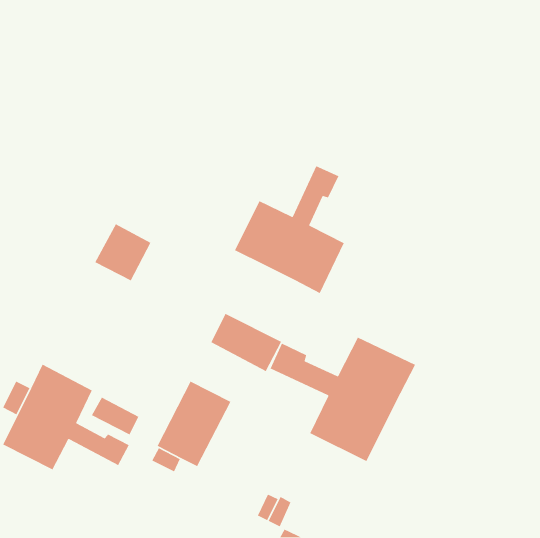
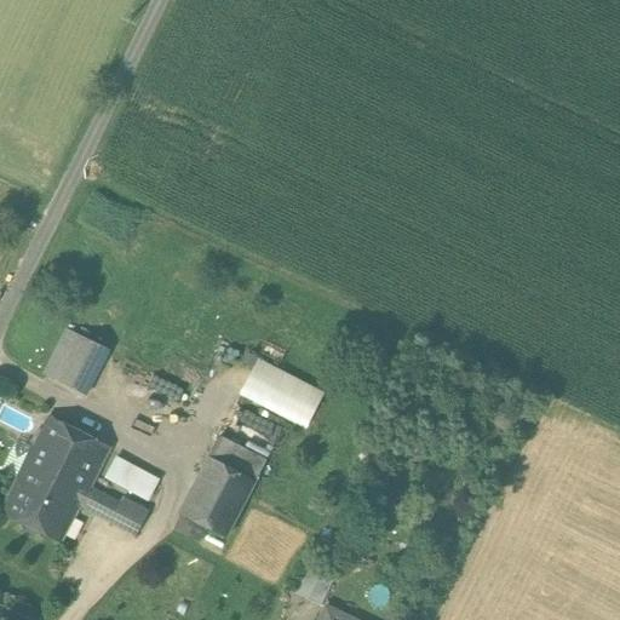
building: [234,165,345,294] -> none
building: [94,223,151,281] -> [44,327,109,394]
building: [270,337,416,462] -> none

